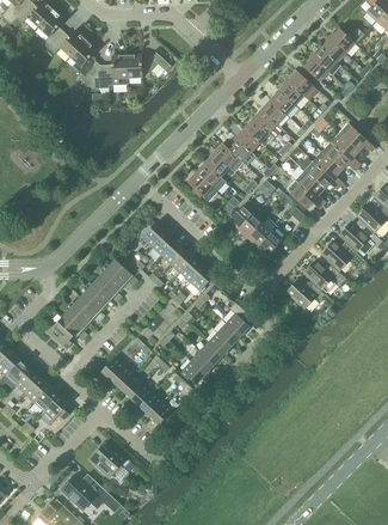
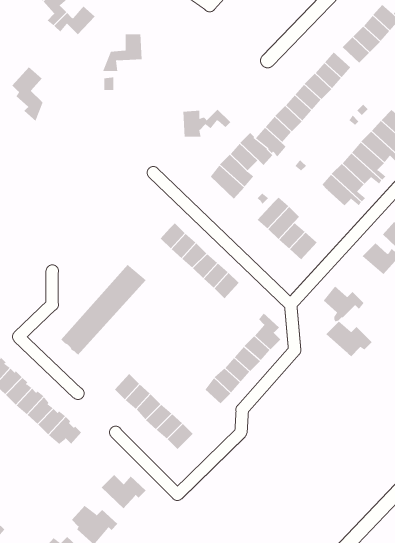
building: [70,39,99,88] -> [11,67,44,122]
building: [127,53,170,78] -> [183,109,231,137]
building: [304,260,346,292] -> [325,321,373,357]

